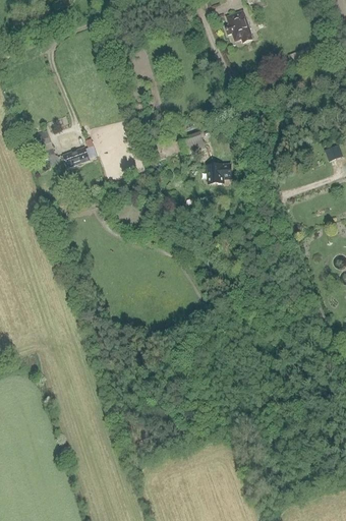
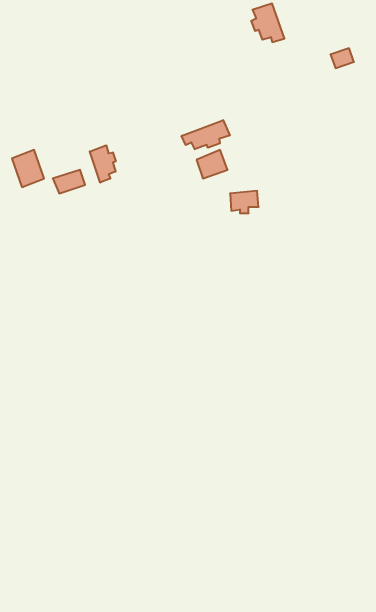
building: none -> [182,120,230,149]
building: none -> [90,145,116,183]

